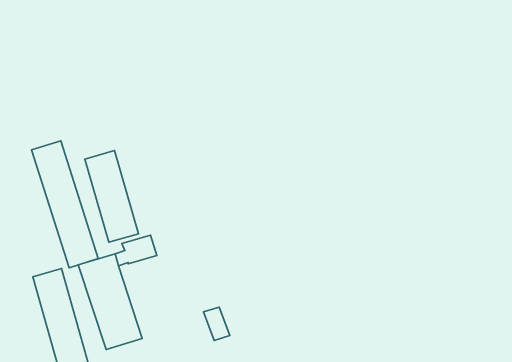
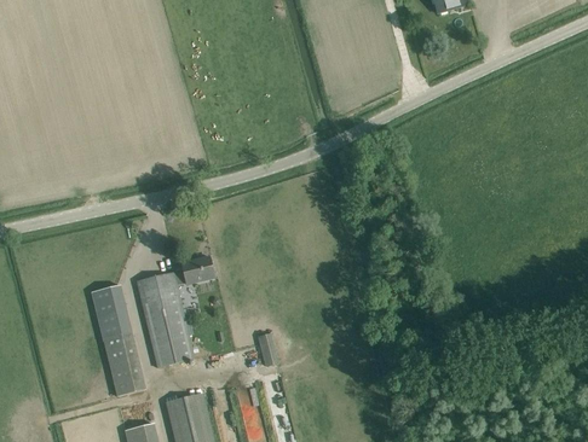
building: [32,141,98,268] -> none
building: [85,151,138,242] -> none

